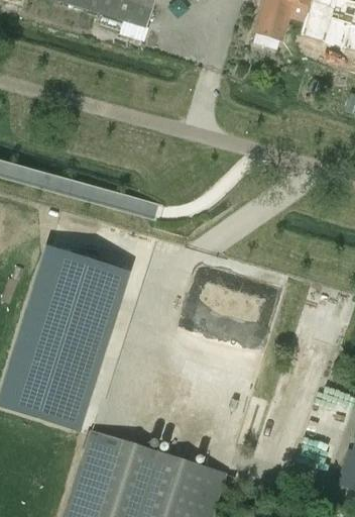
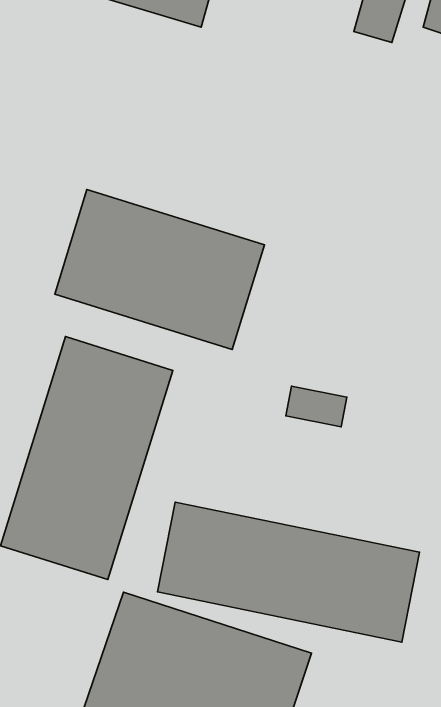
building: none -> [55,189,264,349]
building: none -> [157,502,420,642]

